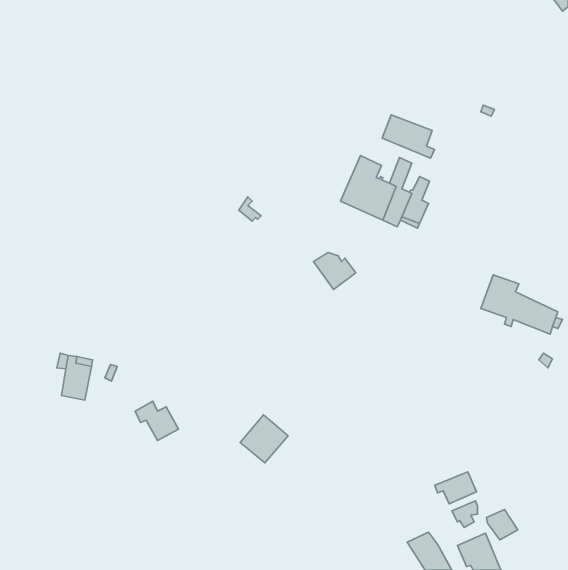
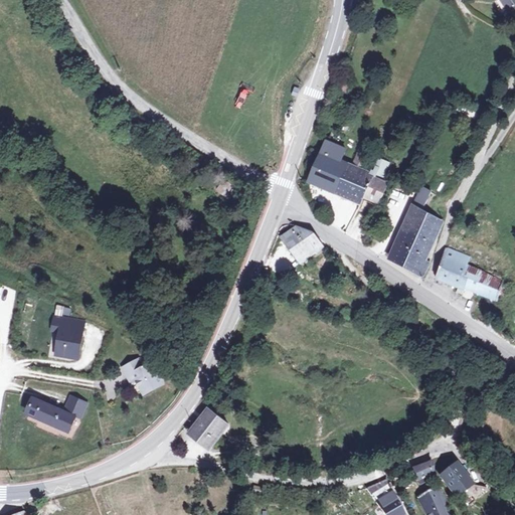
building: [382,115,435,158] -> none
building: none -> [388,187,442,276]
building: [240,415,288,463] -> [187,405,230,449]
building: none -> [25,399,84,434]
building: [435,472,476,504] -> none

